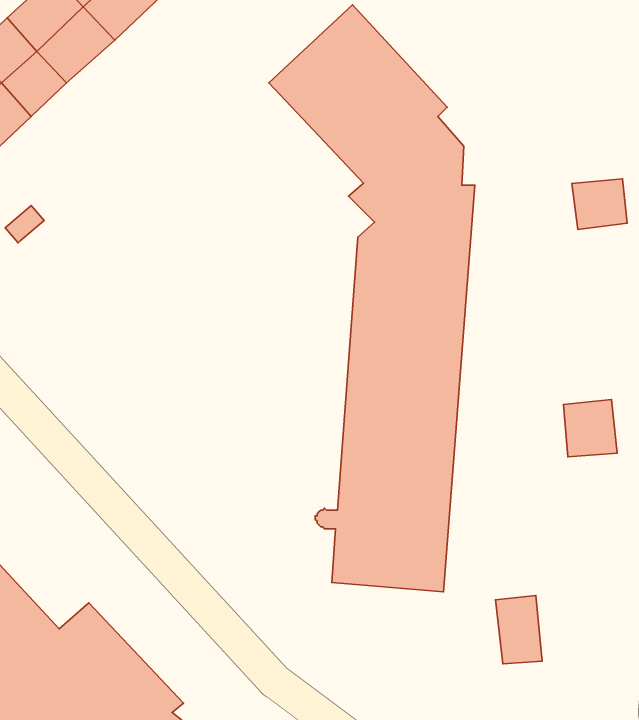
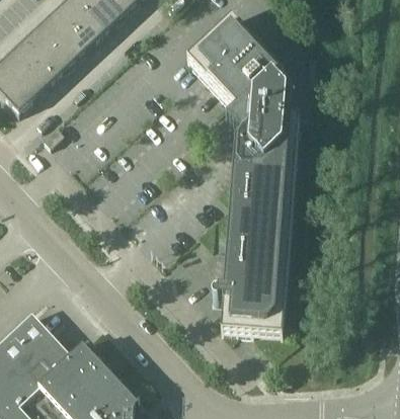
building: [572,179,627,229] -> none
building: [564,399,617,457] -> none
building: [495,595,542,664] -> none

